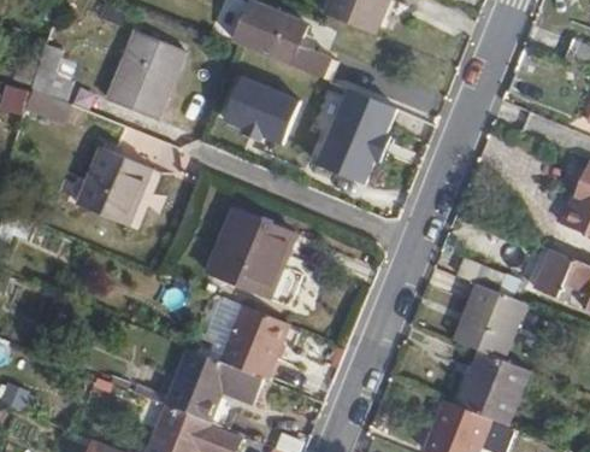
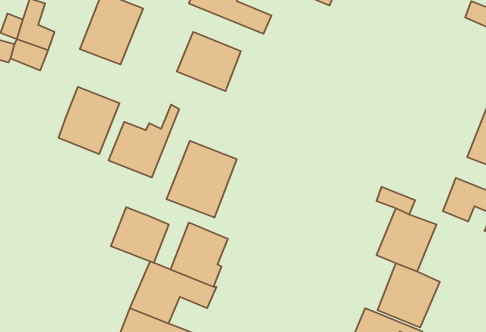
building: [315,92,397,187] -> none
building: none -> [108,105,179,178]
building: none -> [111,207,169,263]

